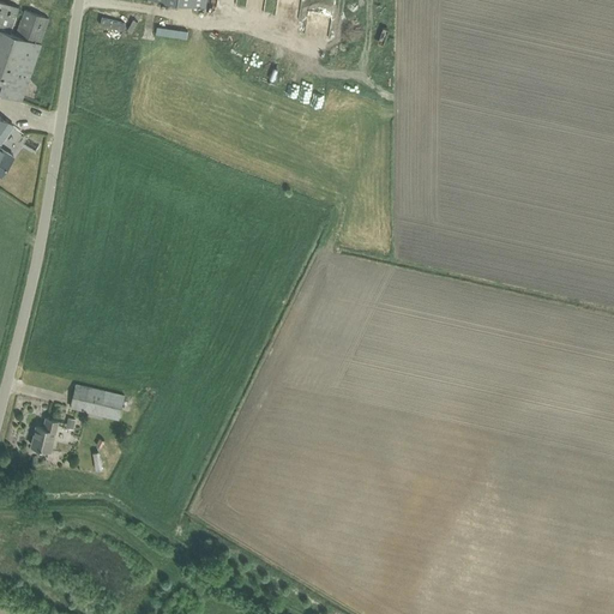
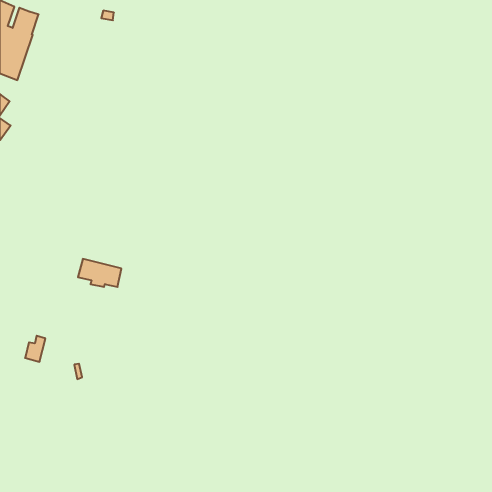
building: [70,385,124,420] -> [78,259,121,287]

